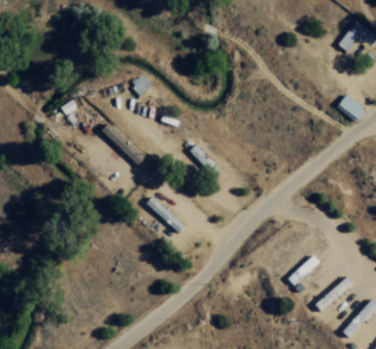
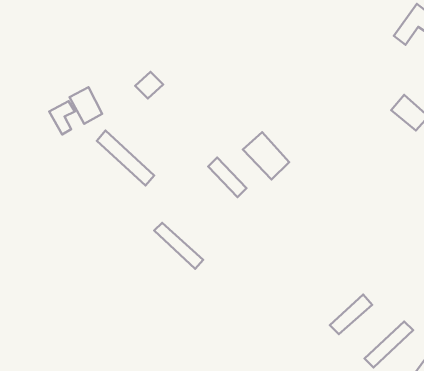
building: none -> [69,87,102,124]
building: none -> [243,132,289,179]

